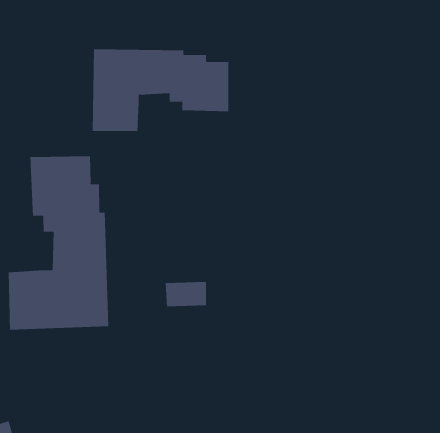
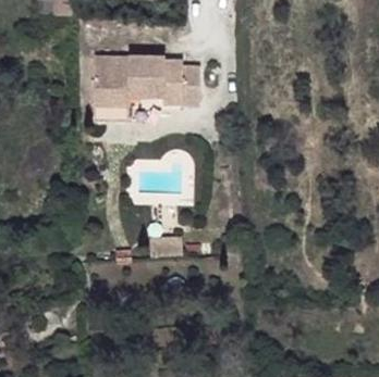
building: [8,155,109,330] -> none

